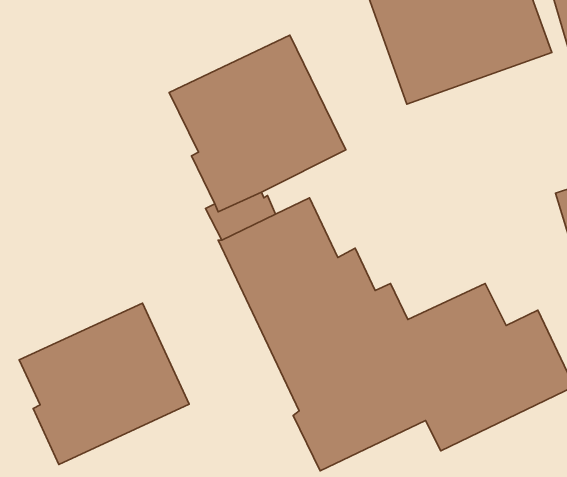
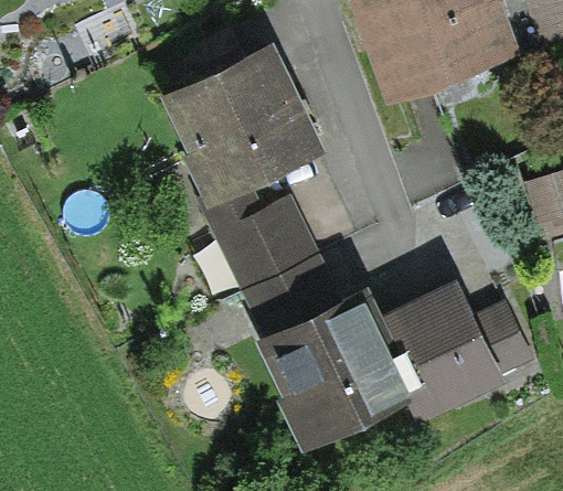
building: [19,303,189,465] -> none

